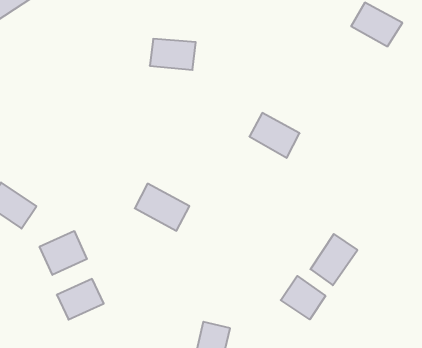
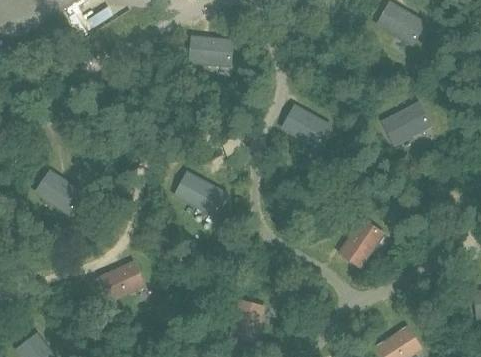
building: none -> [381,103,428,144]
building: [40,231,87,275] -> none
building: [281,276,325,319] -> none

